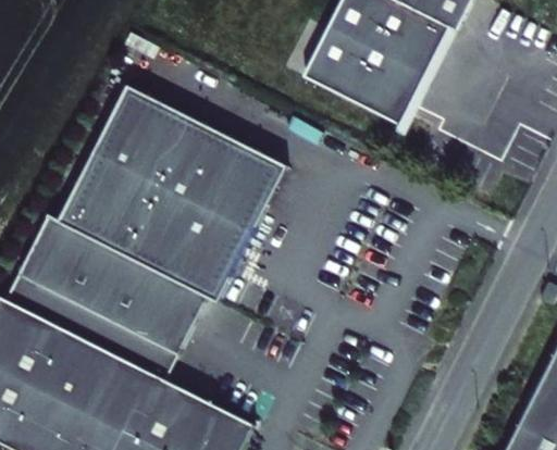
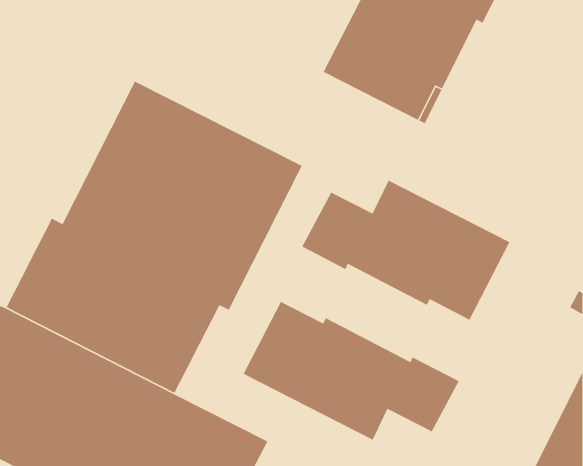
building: none -> [301,179,511,321]
building: none -> [242,301,460,441]

